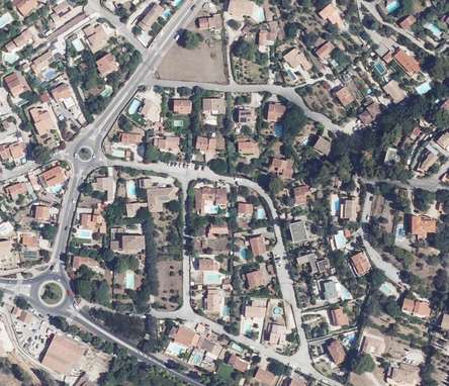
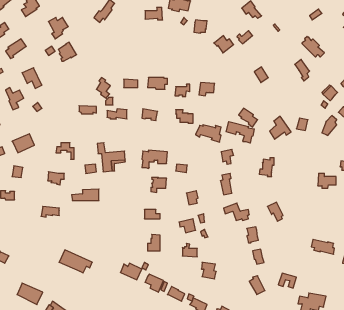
building: [360,96,386,124] -> [270,116,291,139]
building: none -> [226,122,254,143]
building: [50,334,90,363] -> [59,250,92,273]

